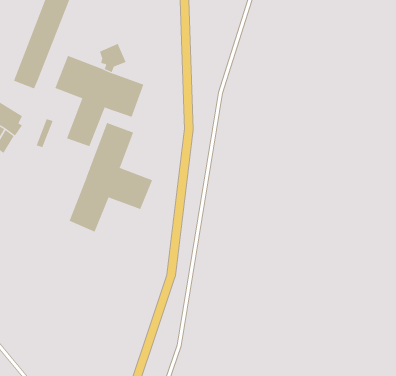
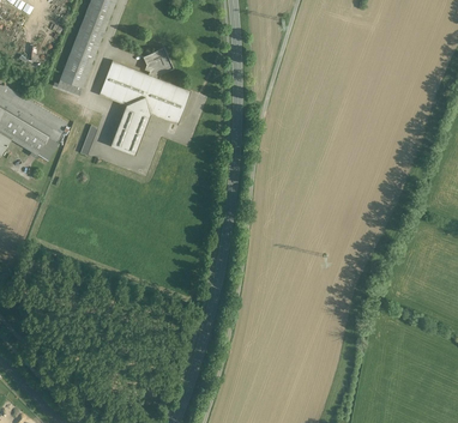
building: [69,122,153,232] -> none

